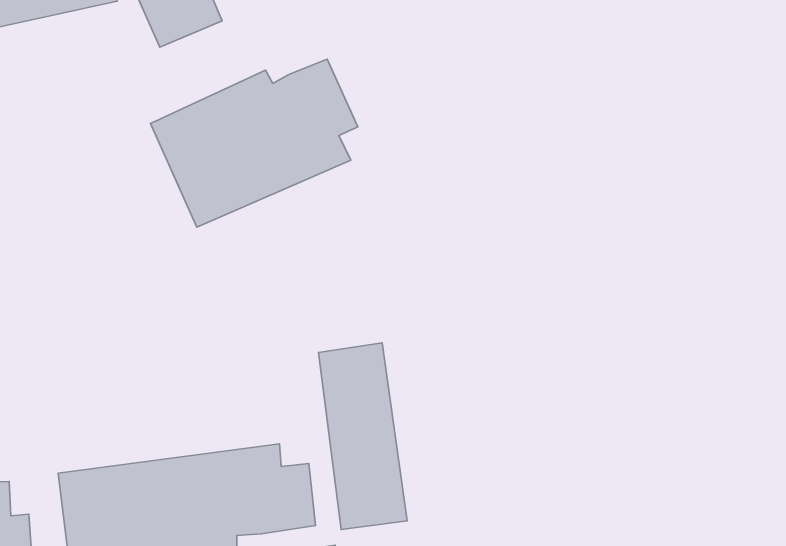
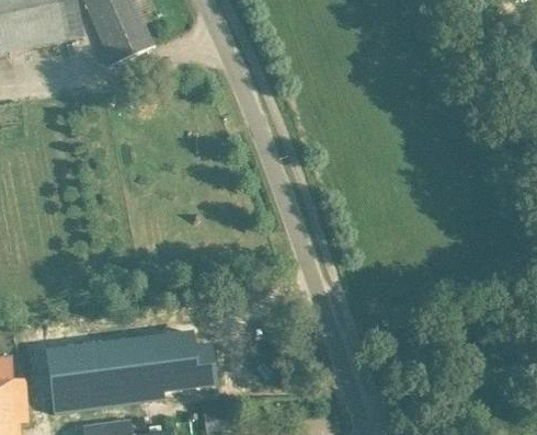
building: [151,59,358,227] -> none
building: [319,343,407,530] -> none

